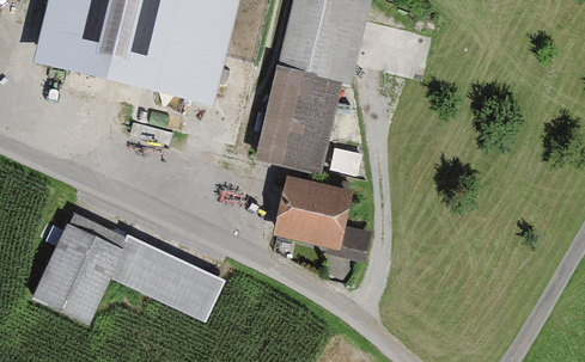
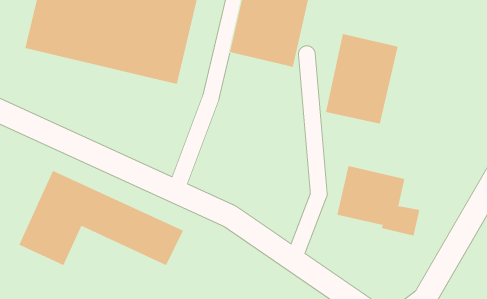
building: [255,67,342,174] -> [325,34,399,124]
building: [273,176,372,259] -> [337,166,420,236]

